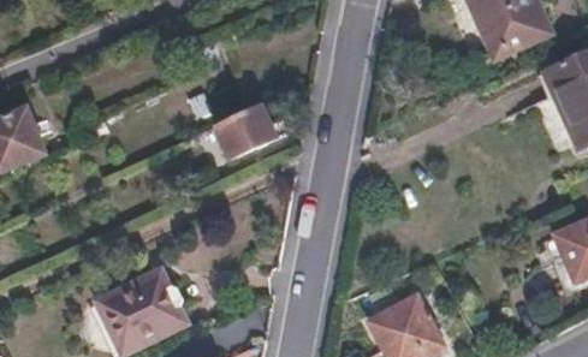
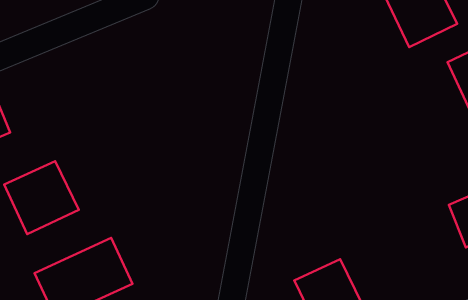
building: [220,103,279,159] -> none
building: none -> [4,161,79,234]

